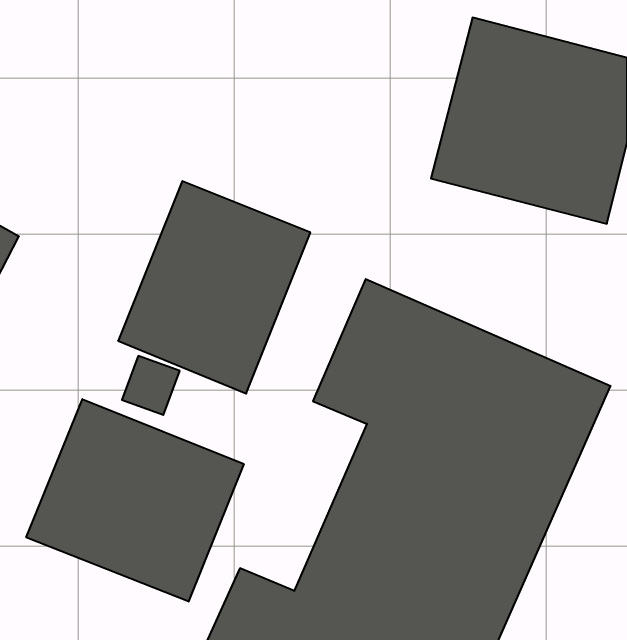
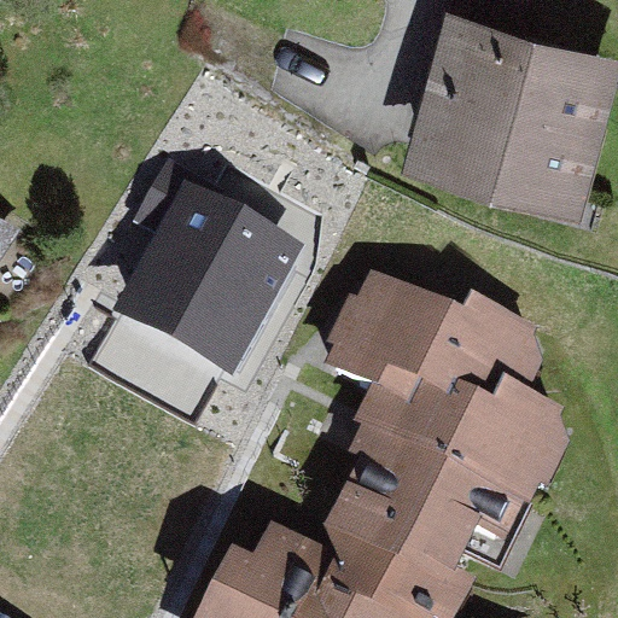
building: [26,399,244,602] -> none

